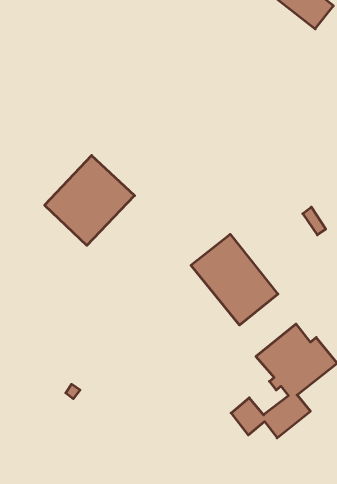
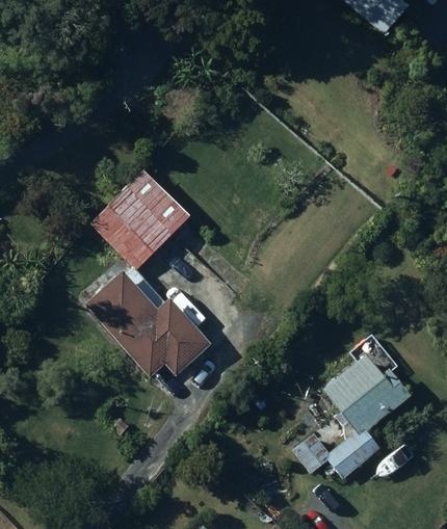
building: [191,234,278,325] -> none
building: none -> [82,269,209,375]

